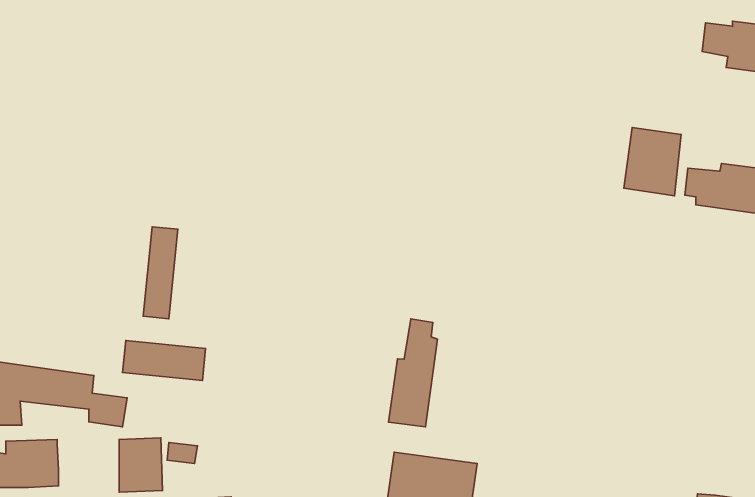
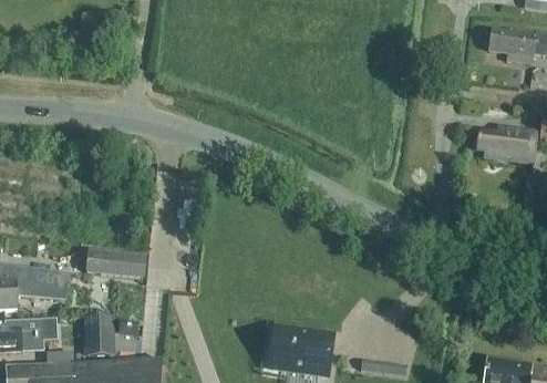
building: [624,127,681,196] -> none
building: [143,227,178,319] -> none
building: [389,319,437,427] -> none

